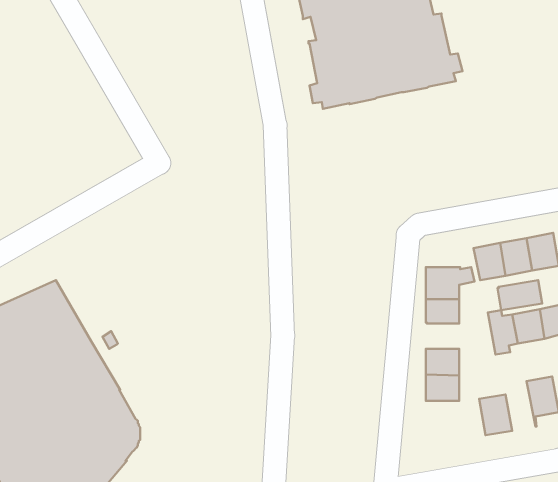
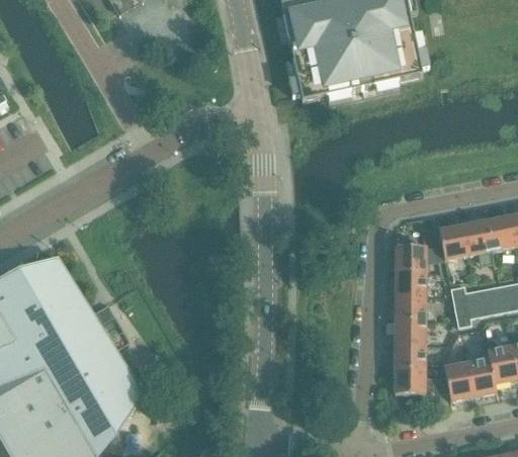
building: [497,280,542,310] -> none
building: none -> [396,296,426,321]
building: none -> [468,350,496,395]
building: none -> [396,368,440,398]

